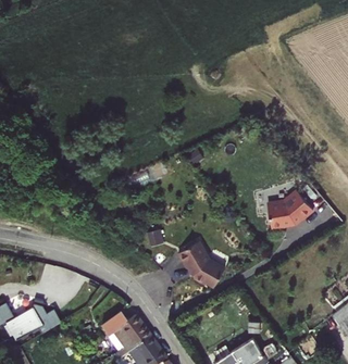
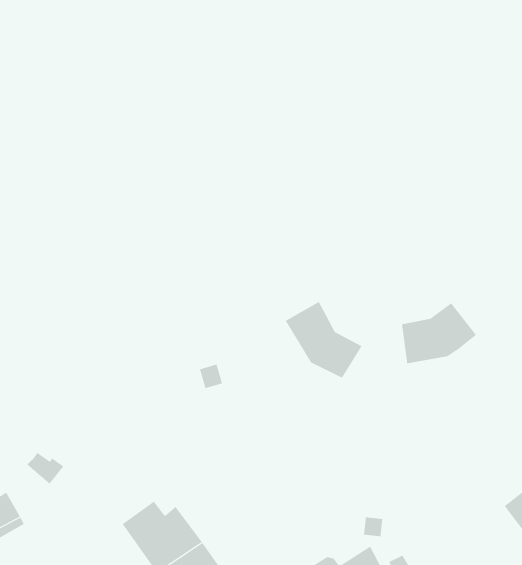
building: [178,241,225,288] -> [285,301,362,379]

